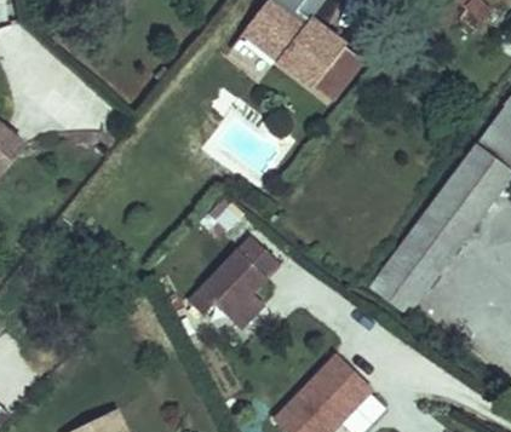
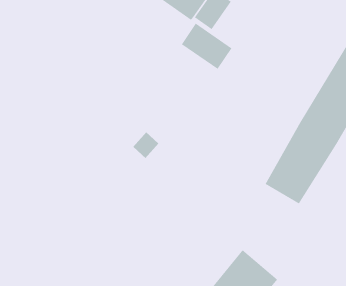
building: none -> [181,23,233,70]
building: [195,240,286,333] -> none

